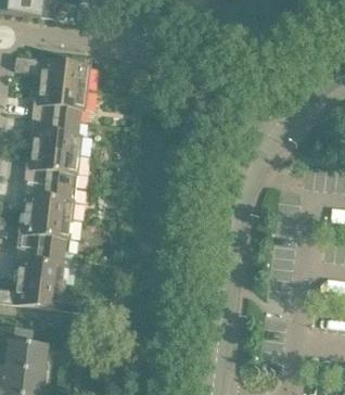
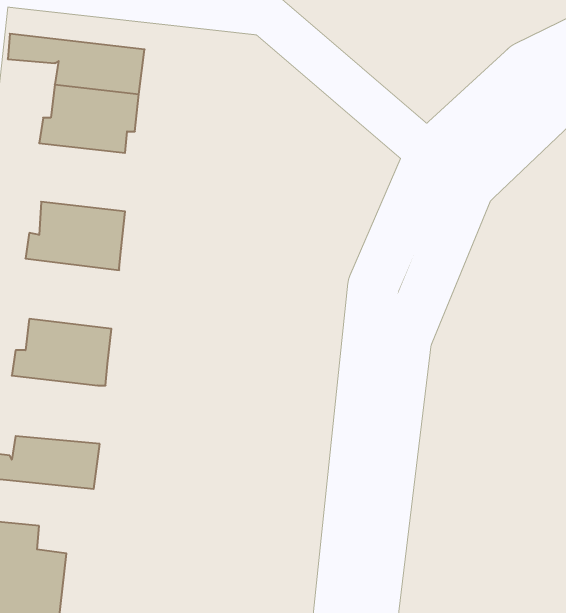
building: [30,115,81,153] -> none
building: [23,179,76,218] -> none
building: [15,244,67,282] -> none

